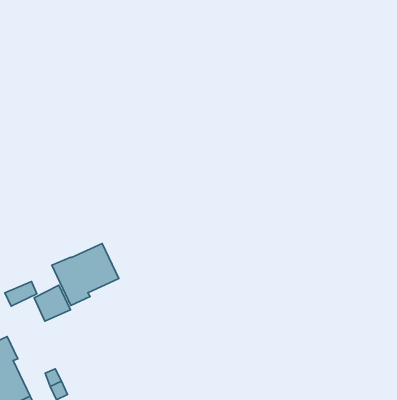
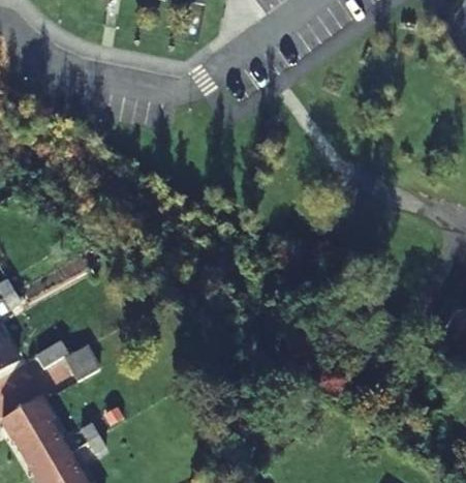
building: [52,243,119,305] -> none

